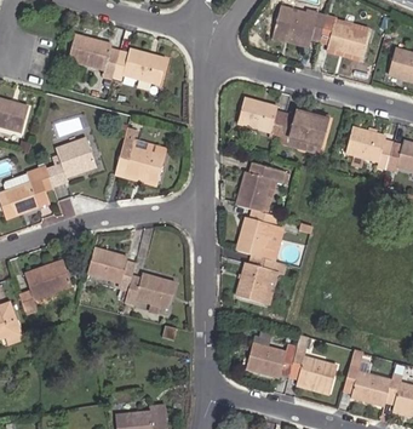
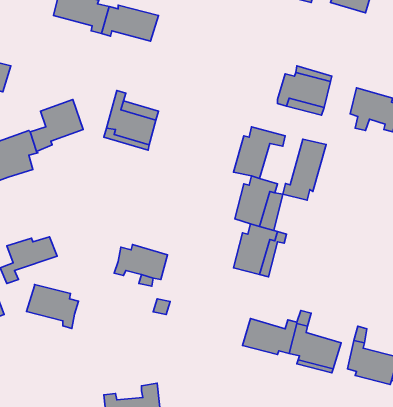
building: [237,99,285,138] -> none
building: none -> [283,139,326,200]
building: [86,248,134,290] -> [27,284,78,328]

